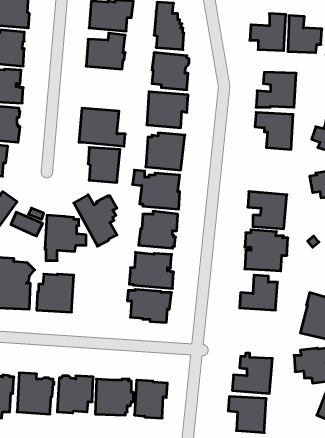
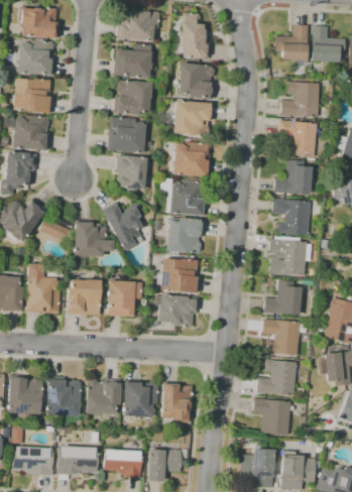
building: none -> [114,80,152,116]
building: none -> [274,159,312,195]
building: none -> [107,280,142,317]
building: none -> [262,319,305,356]

